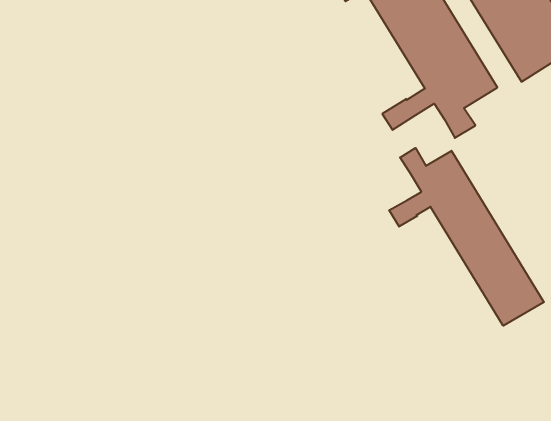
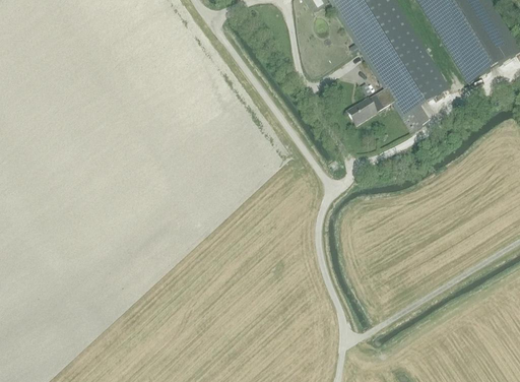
building: [389,148,544,326] -> none

